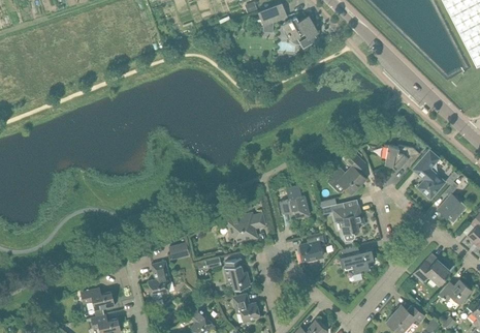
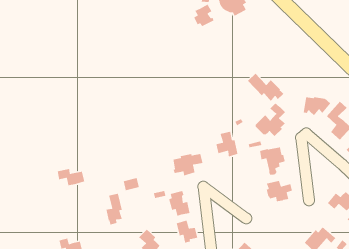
building: none -> [193,4,215,27]
building: none -> [247,73,284,102]
building: [298,233,325,262] -> none
building: [81,289,115,310] -> [57,168,85,186]

